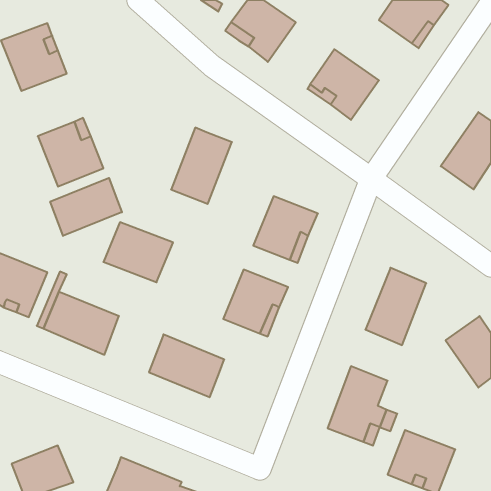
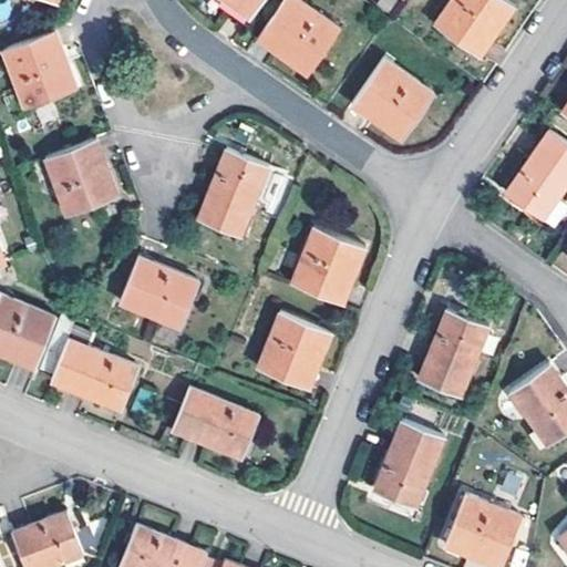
building: [50,178,122,236] -> none

